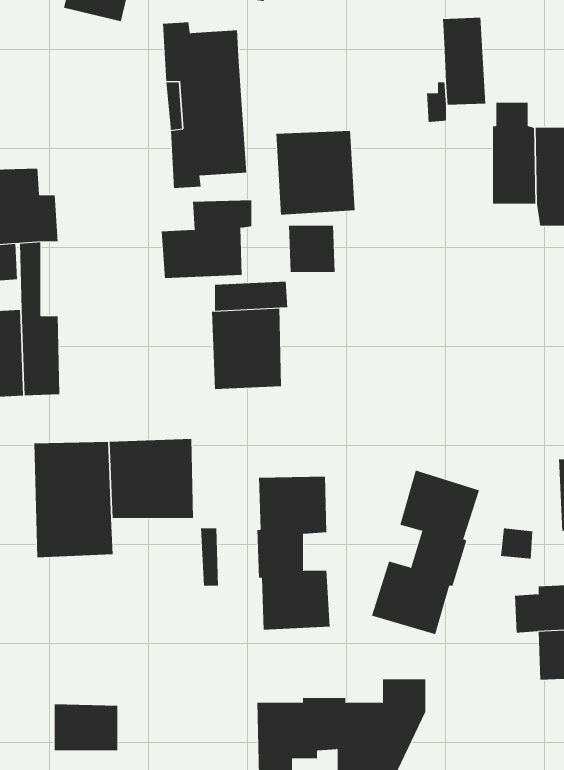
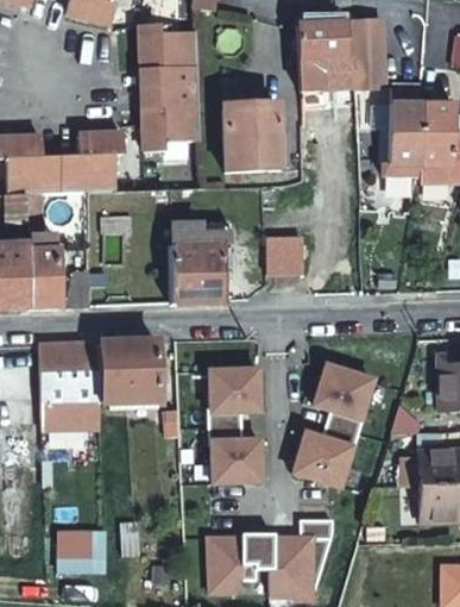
building: none -> [295,21,345,90]
building: [161,200,252,278] -> [56,131,125,190]
building: [288,225,335,272] -> [264,236,300,271]

